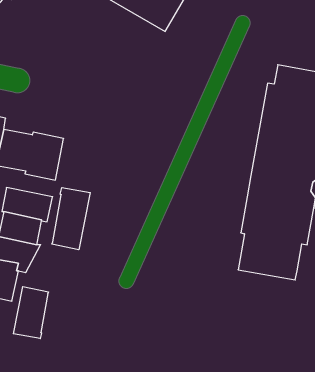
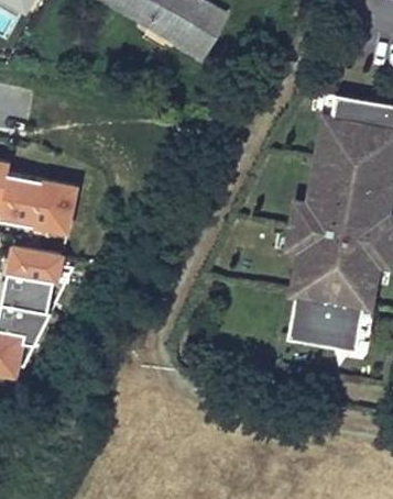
building: [52,188,90,250] -> none
building: [13,287,48,339] -> none

